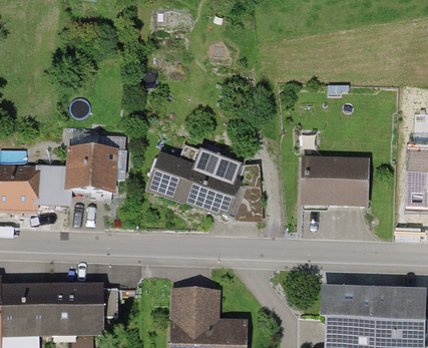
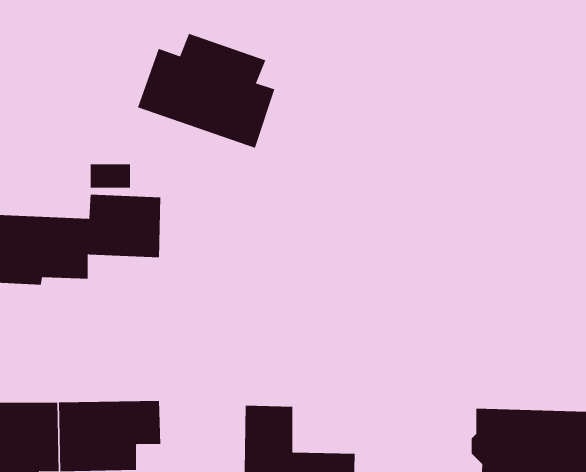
building: [150,142,242,219] -> [137,33,275,148]
building: [303,155,370,208] -> none

